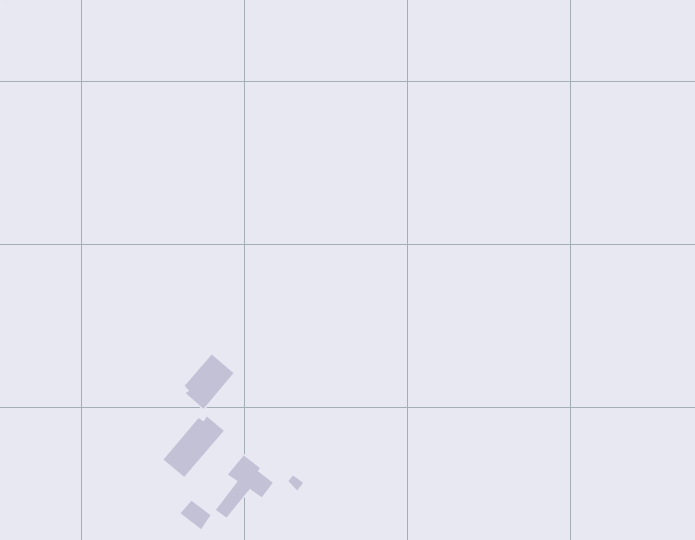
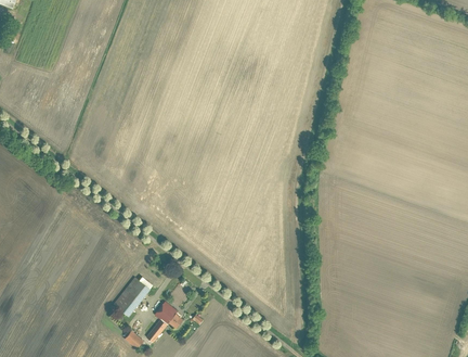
building: [184,353,235,410] -> none

